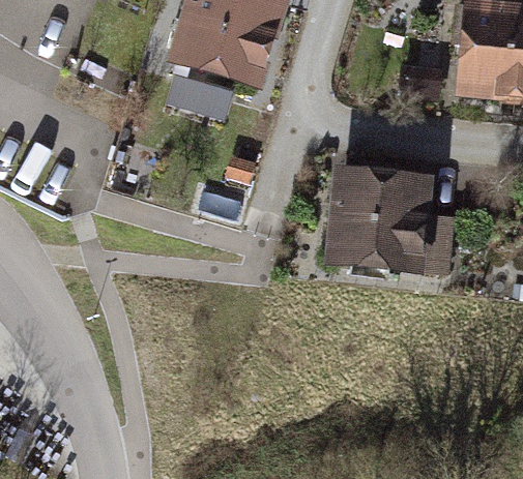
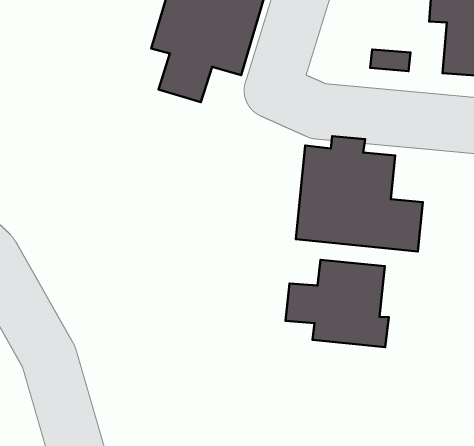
building: none -> [285,260,389,347]

